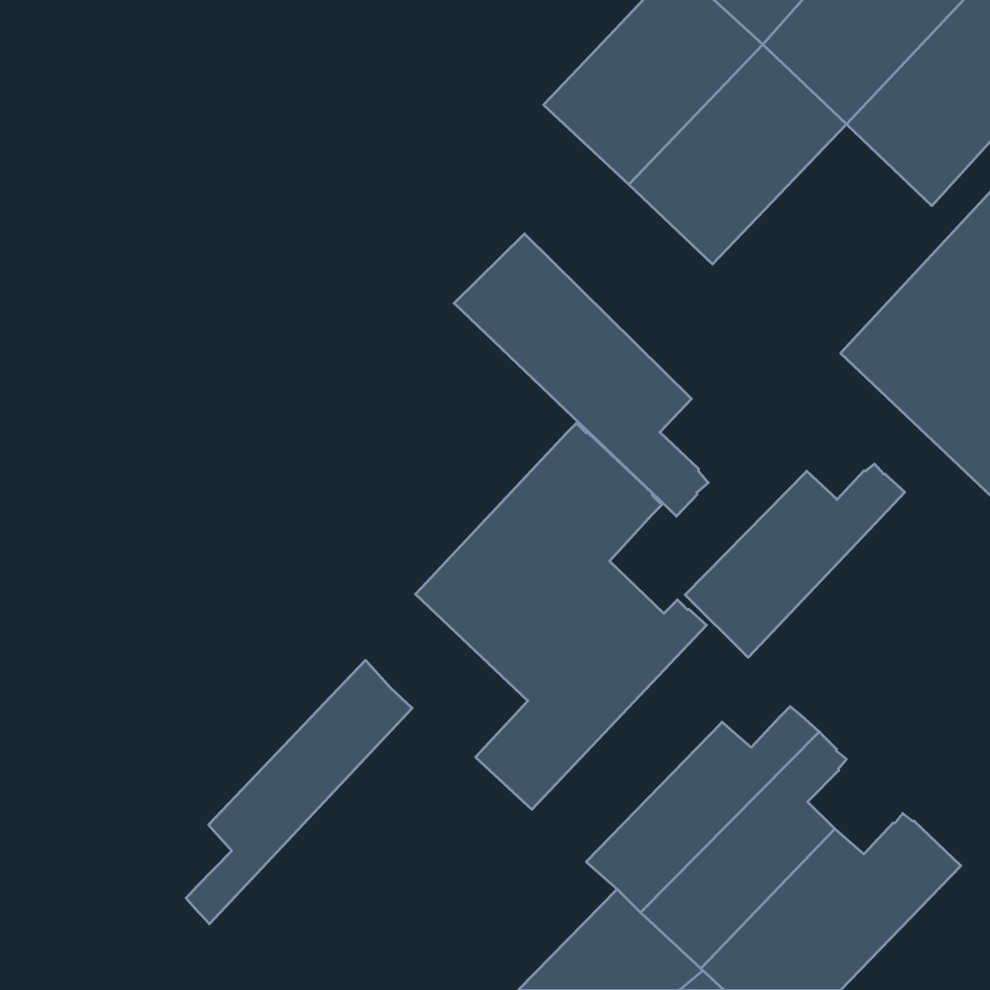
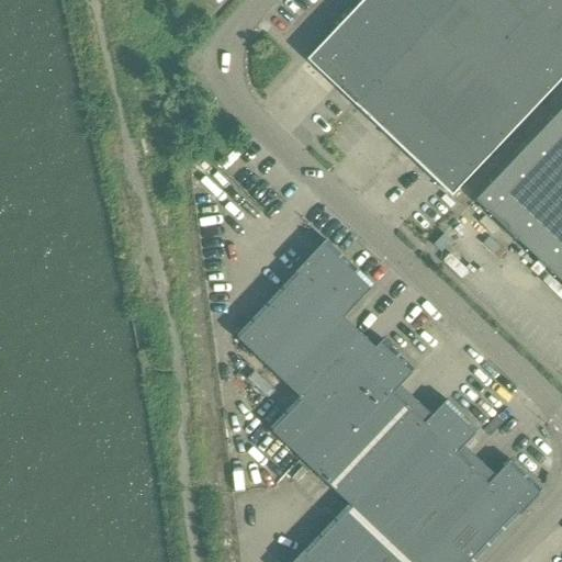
building: none -> [404,70,528,195]
building: [454,234,708,516] -> none
building: [685,464,905,657] -> none
building: none -> [302,353,416,487]
building: [186,660,412,924] -> none

